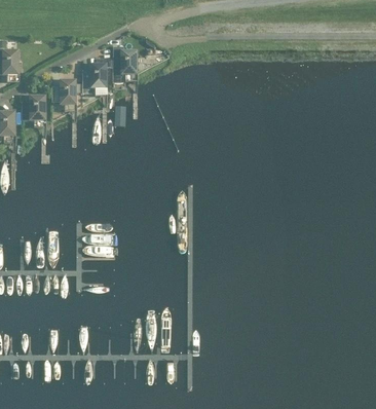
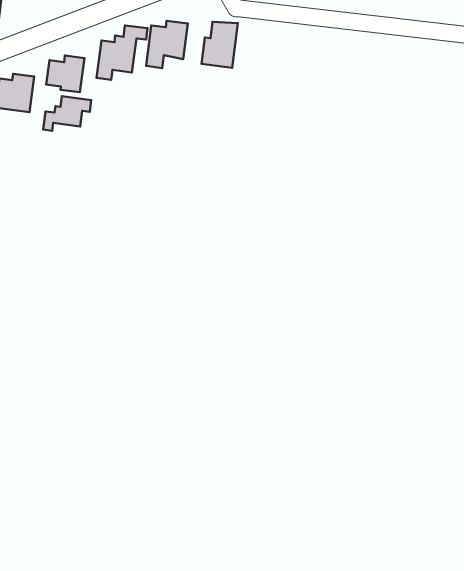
building: none -> [201,22,238,68]
building: none -> [43,96,91,131]

